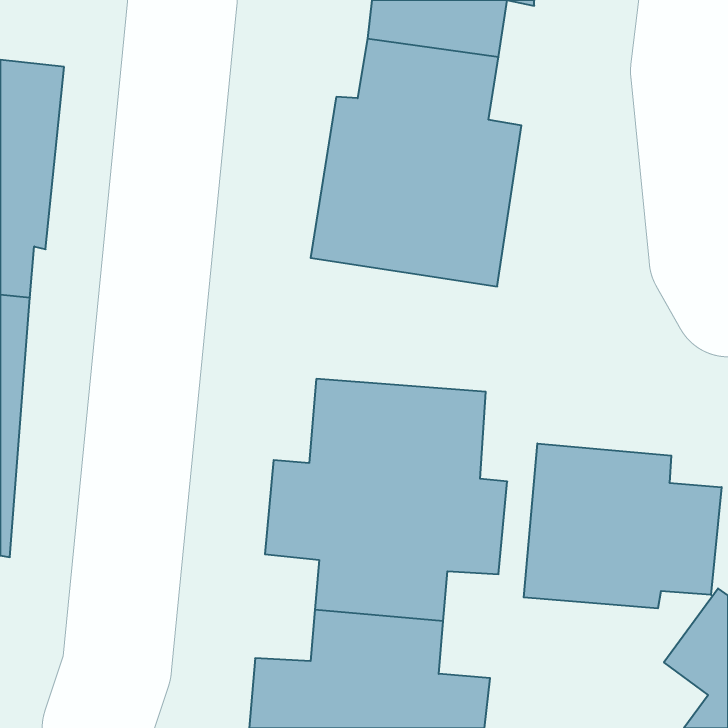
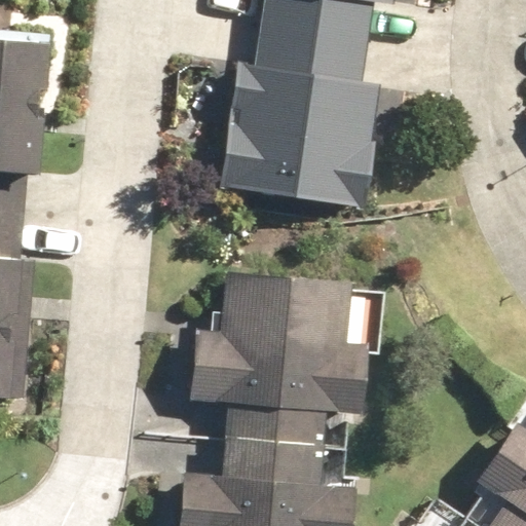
building: [524,443,722,608] -> none

